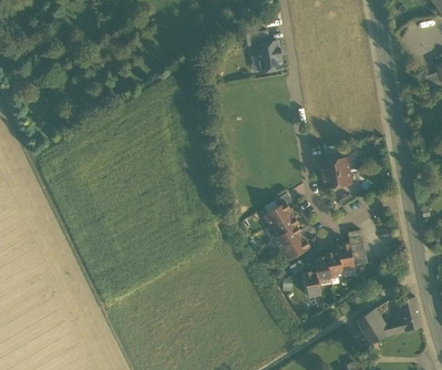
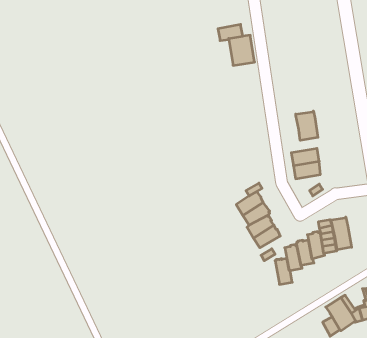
building: none -> [296,111,318,140]
building: none -> [331,217,352,250]

